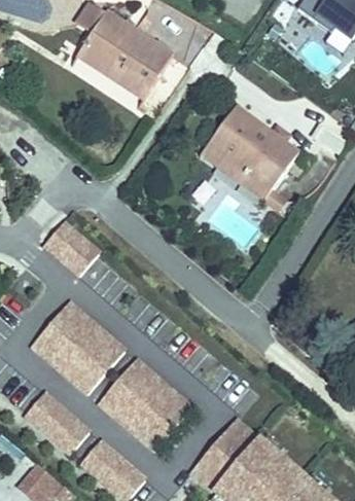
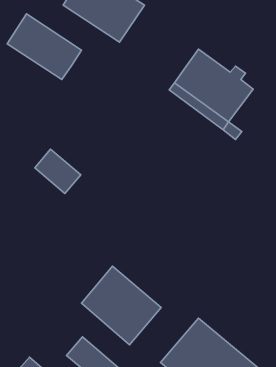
building: none -> [7,14,81,80]
building: [33,301,126,392] -> none
building: [26,392,90,453] -> none

